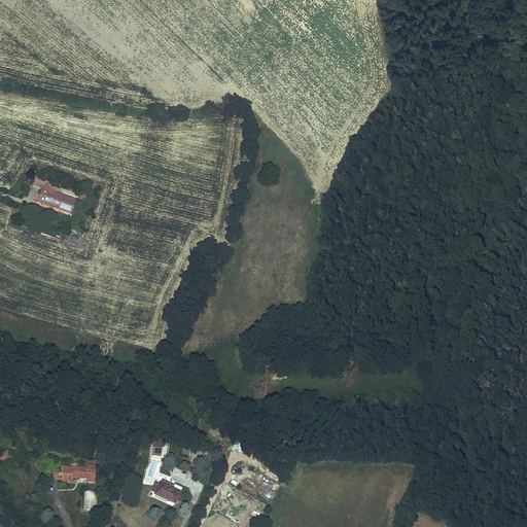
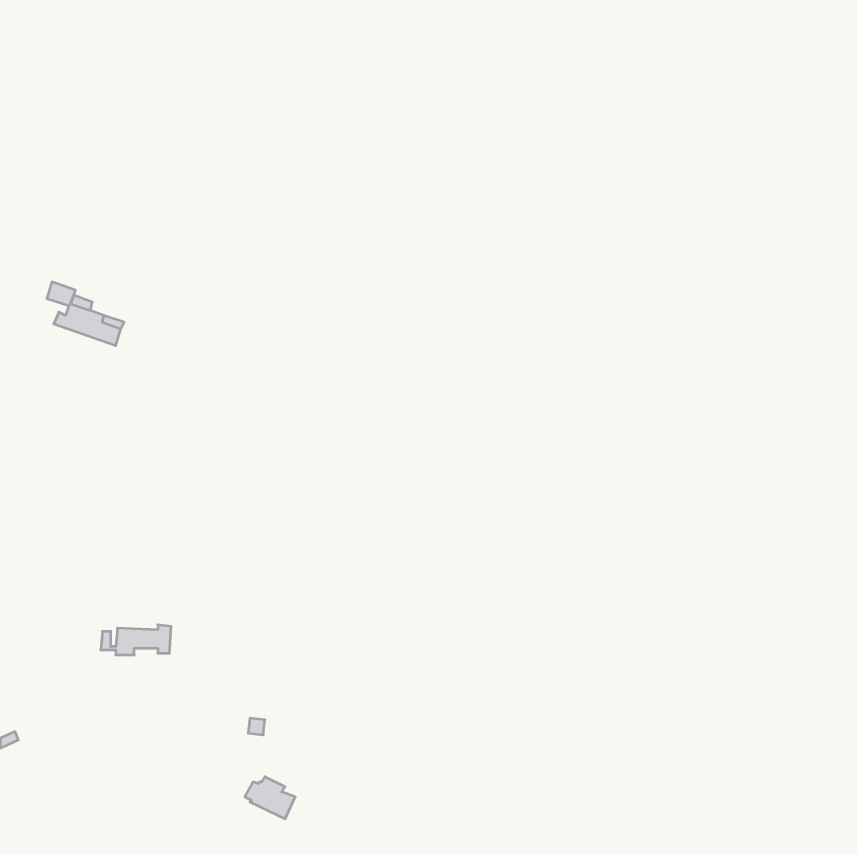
building: [52,462,96,481] -> [101,625,171,655]

